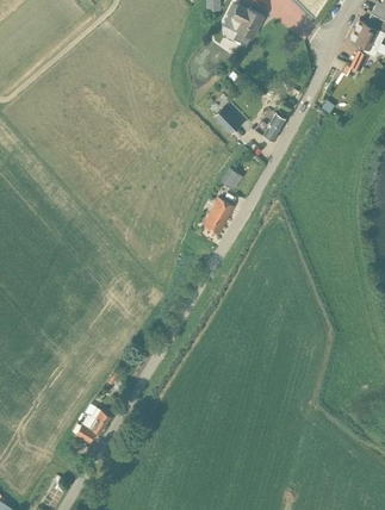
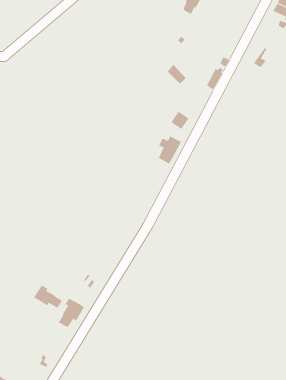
building: none -> [34,285,63,308]

